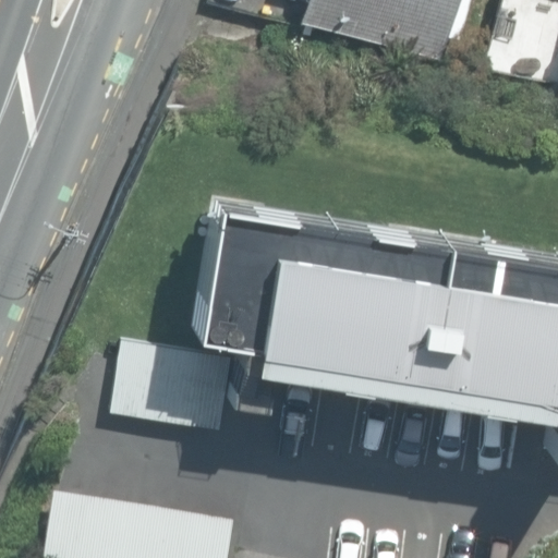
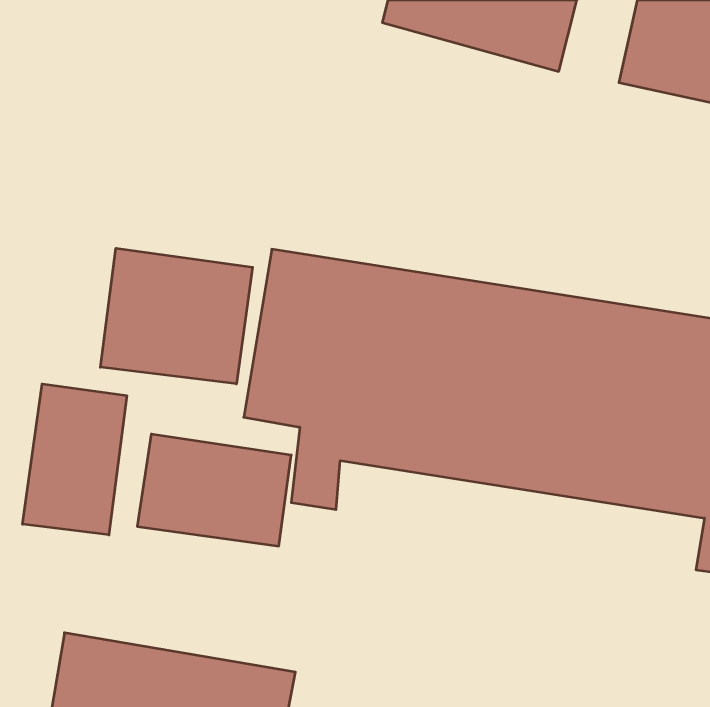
building: none -> [100,248,253,384]
building: none -> [23,384,127,535]

